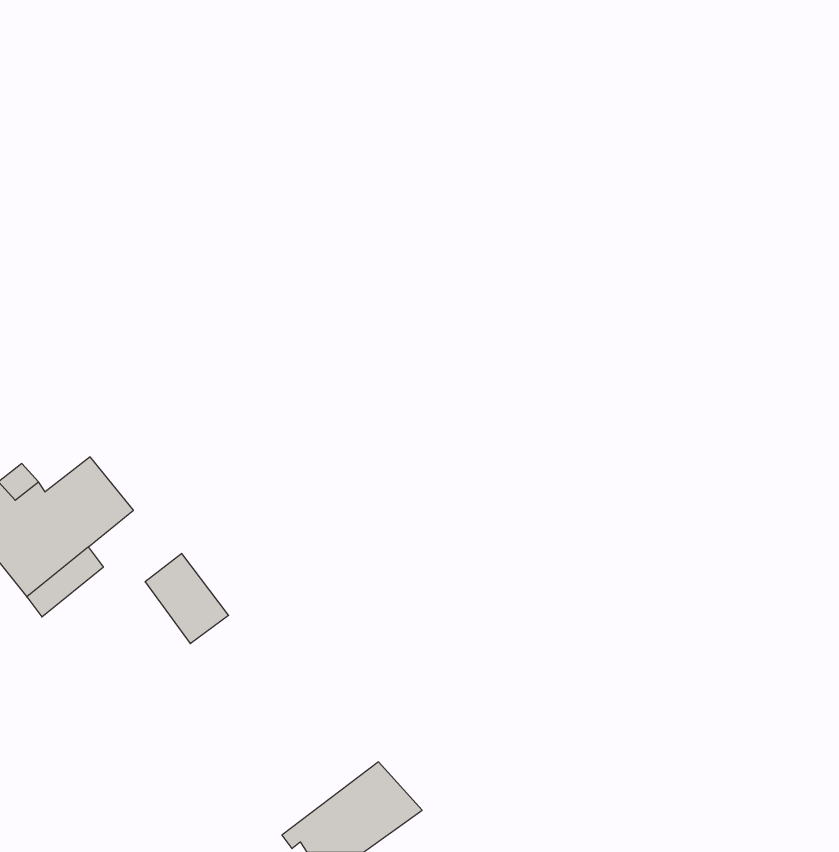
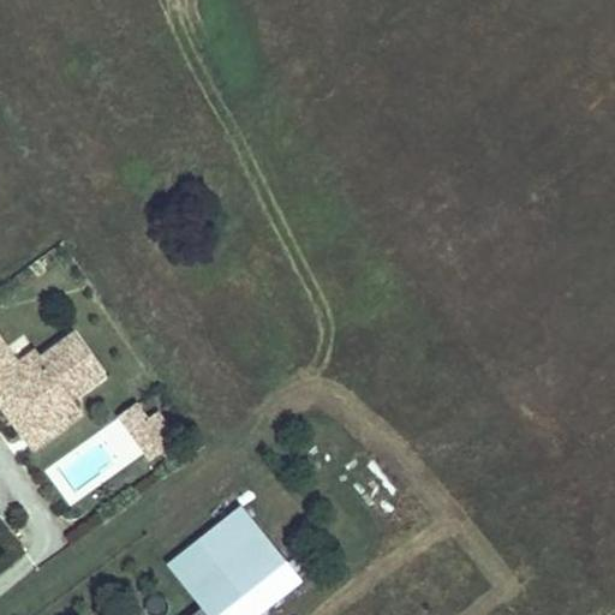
building: none -> [175,510,273,602]

